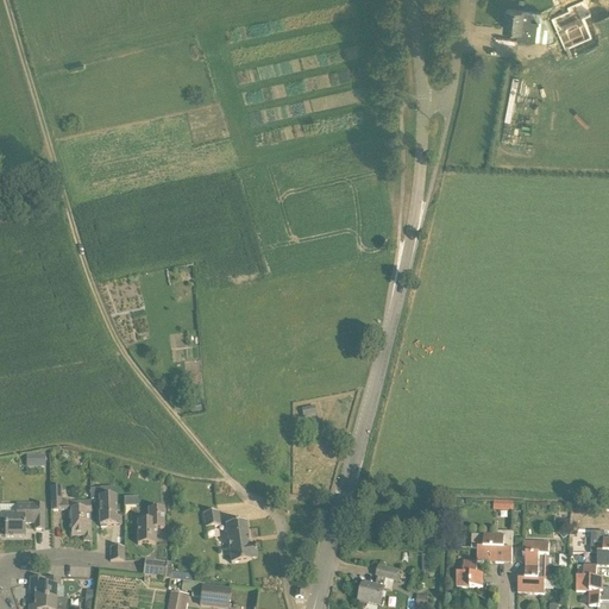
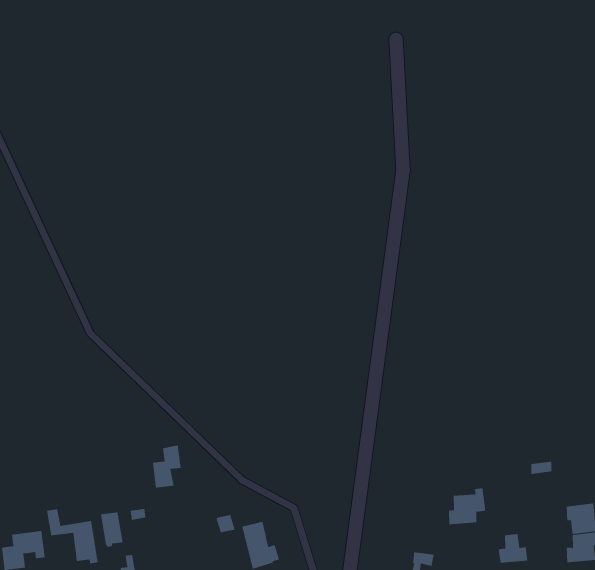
building: [137,506,163,542] -> [152,445,182,488]
building: [476,529,511,560] -> [448,488,486,525]

